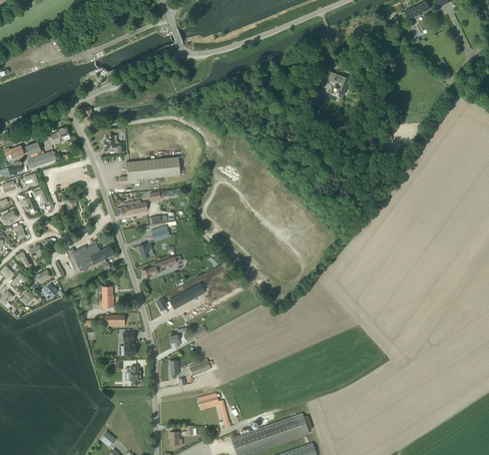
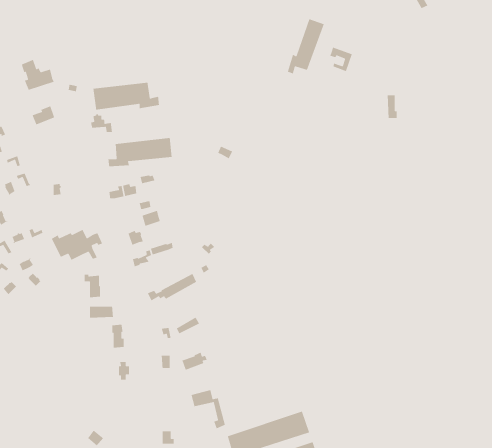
building: none -> [287,18,325,75]
building: none -> [93,82,160,110]
building: [24,141,56,171] -> [21,59,55,91]

